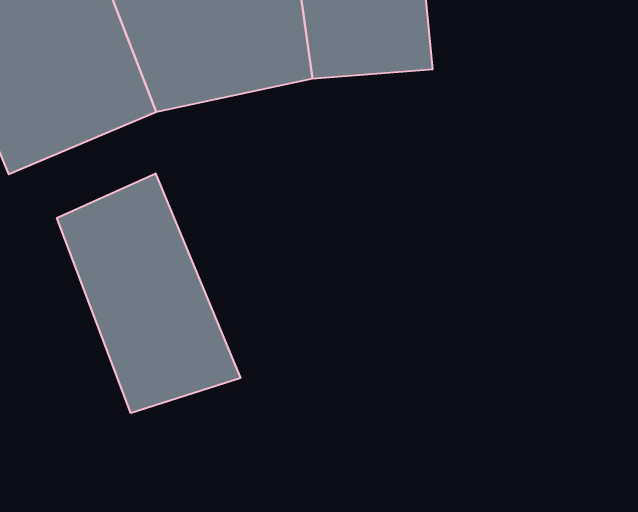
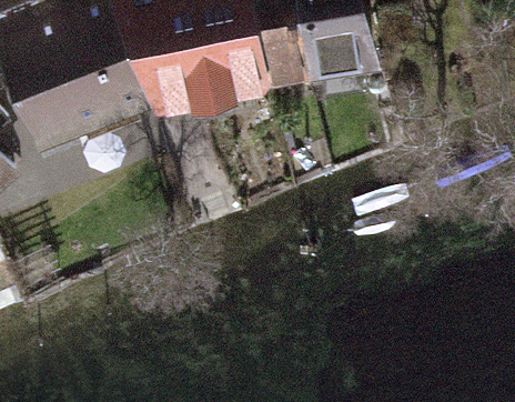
building: [57,173,240,413] -> none

